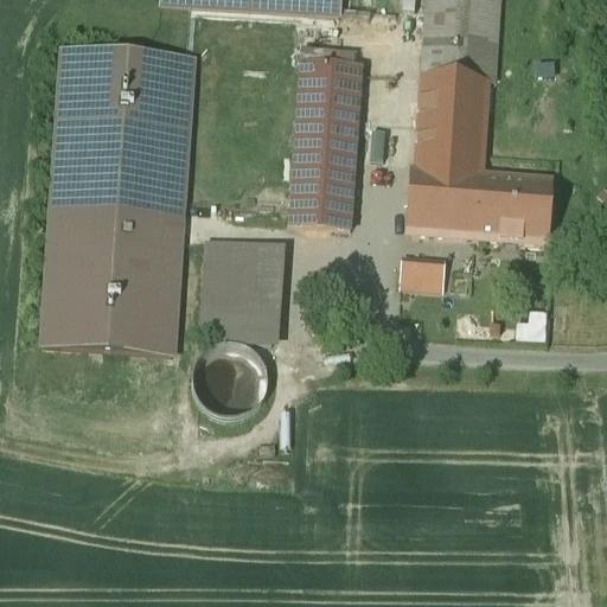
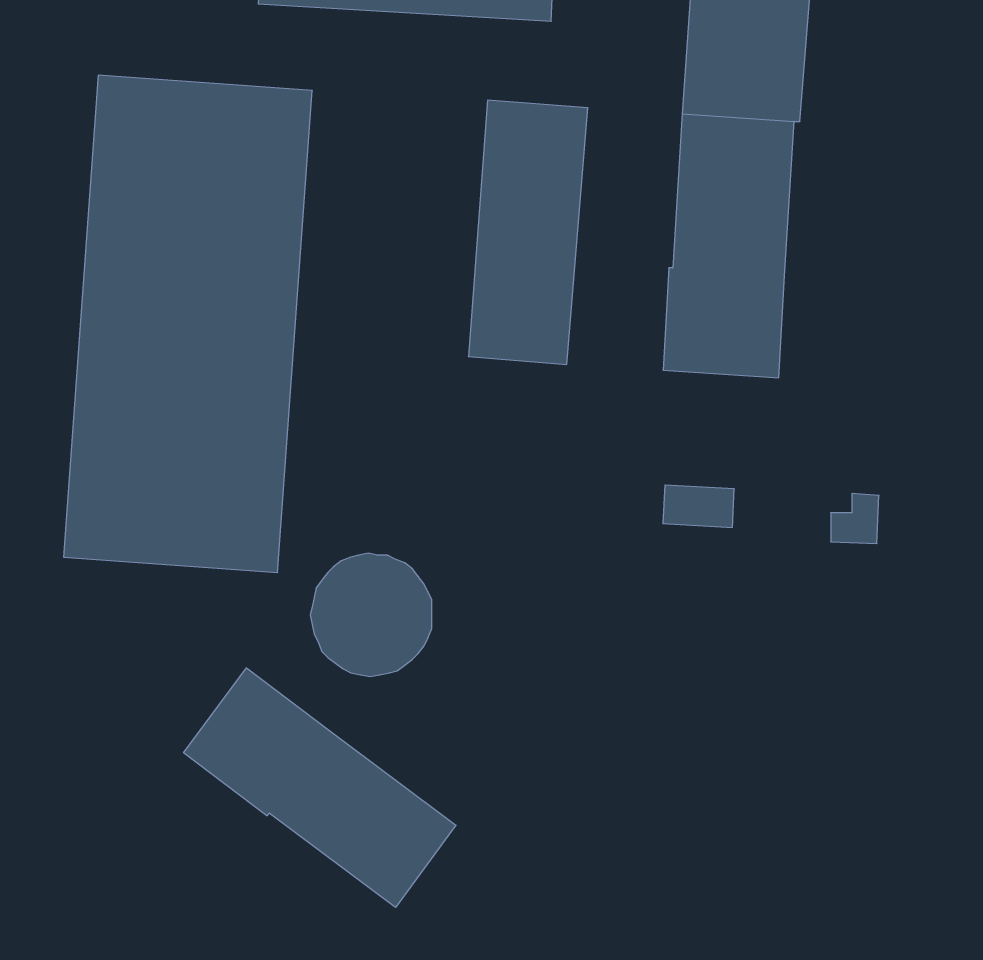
building: [480,170,550,237] -> none
building: [199,237,285,340] -> none
building: [401,258,445,285] -> [663,485,734,527]
building: none -> [184,668,456,907]

